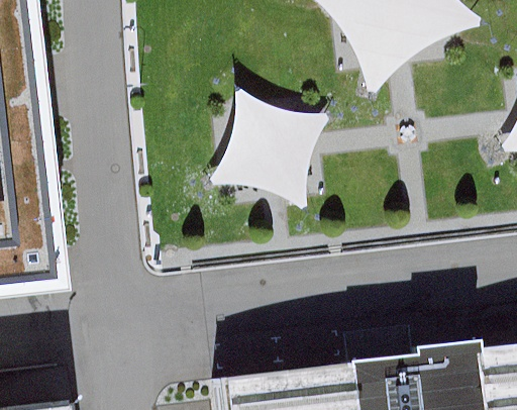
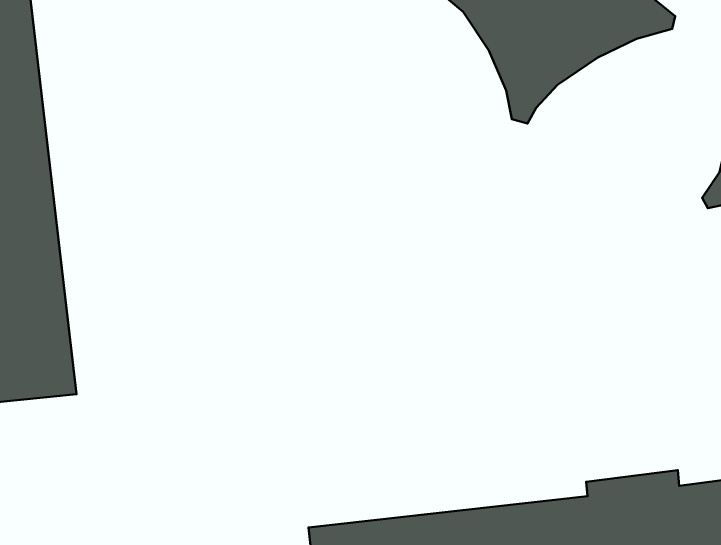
building: [205,87,326,208] -> none

